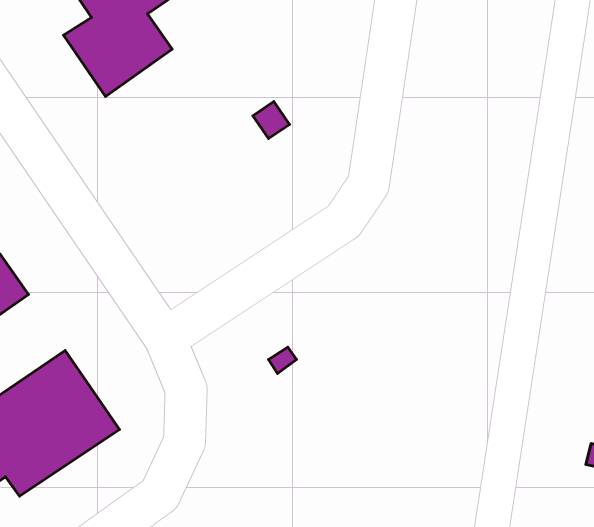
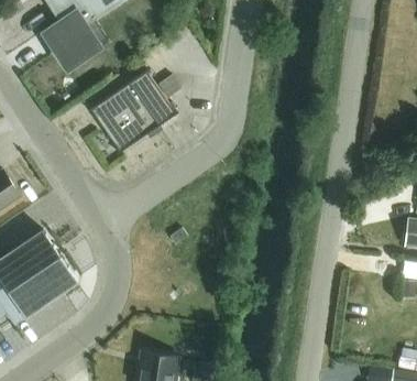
building: none -> [88,69,178,155]

